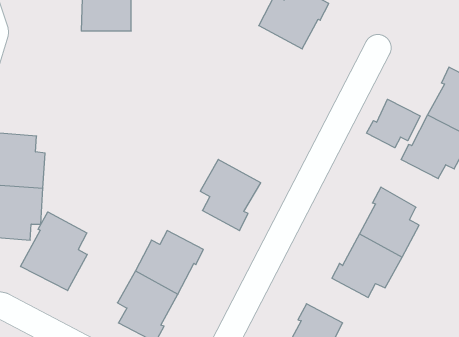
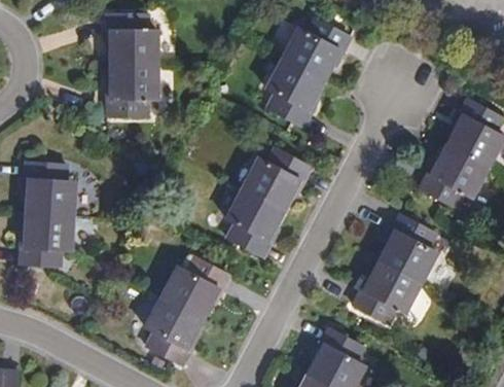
building: none -> [265,60,324,128]
building: none -> [107,65,158,116]
building: [367,99,420,148] -> none
building: none -> [243,149,311,212]
building: [21,212,87,291] -> none

